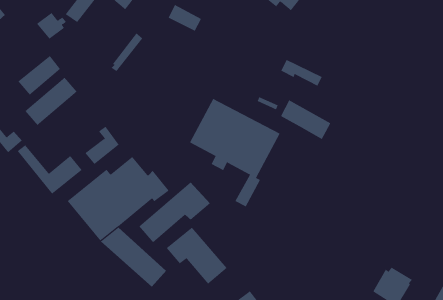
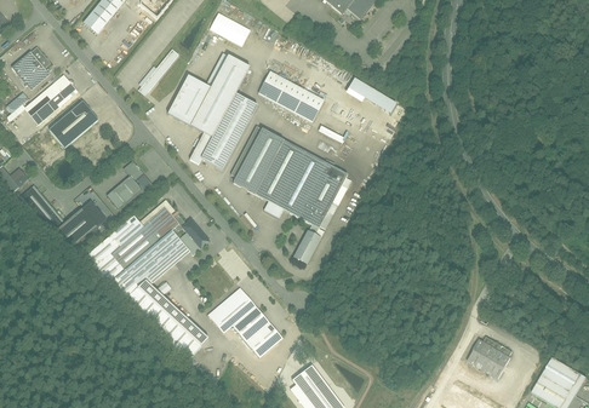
building: [36,12,67,39] -> [10,48,47,82]
building: none -> [167,51,256,168]
building: [280,100,331,140] -> [259,71,322,121]
building: [138,181,211,243] -> none

